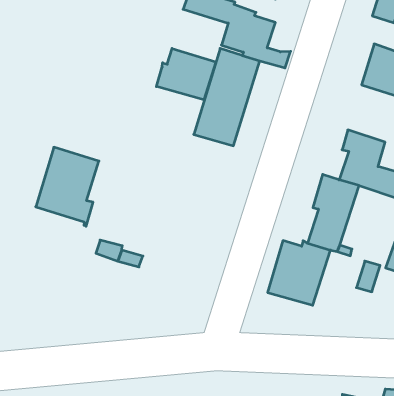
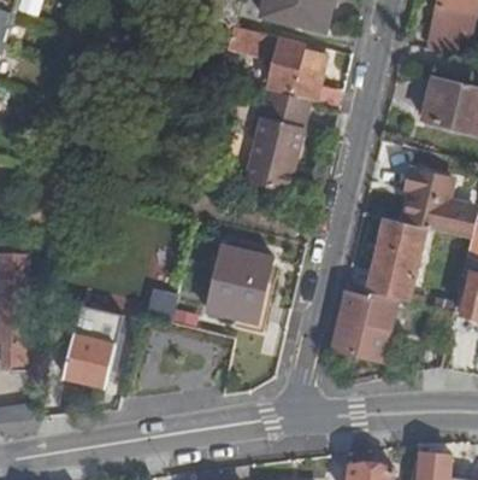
building: [156,48,216,100] -> none
building: [36,147,99,226] -> [206,245,271,328]
building: none -> [61,336,113,386]

